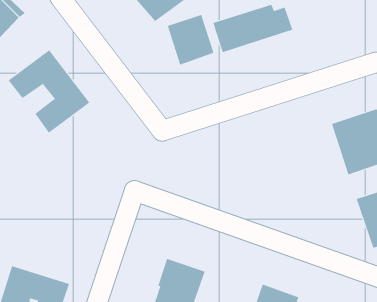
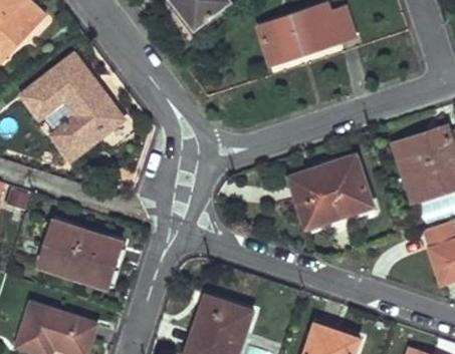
building: [167,14,214,65] -> none
building: none -> [286,154,373,228]
building: none -> [39,223,121,287]

